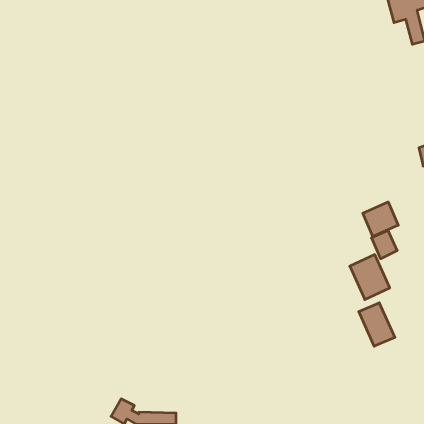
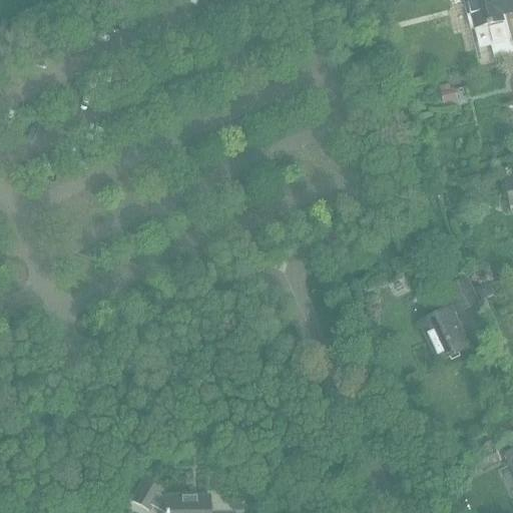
building: [363,202,398,237] -> none
building: [359,303,395,346] -> none

